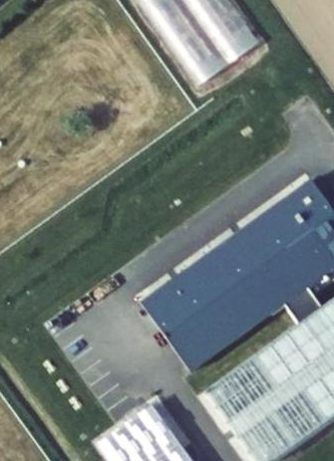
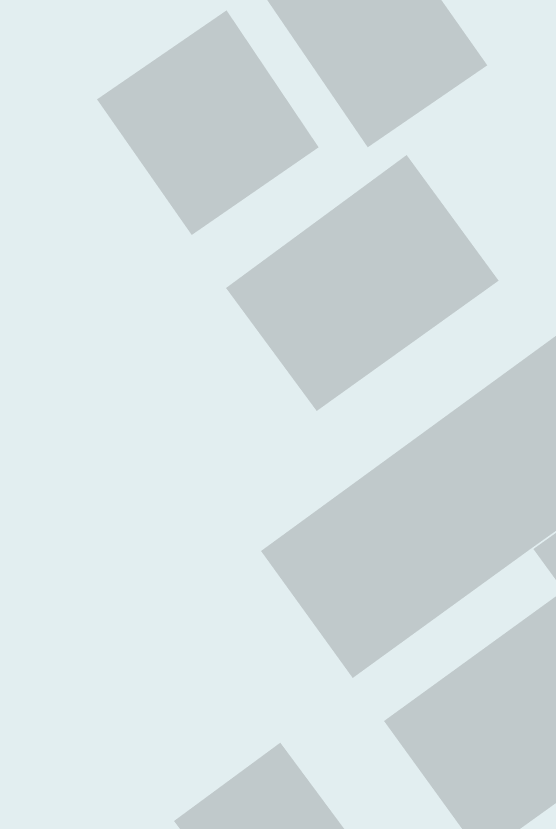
building: none -> [96,9,320,236]
building: none -> [225,154,500,412]

